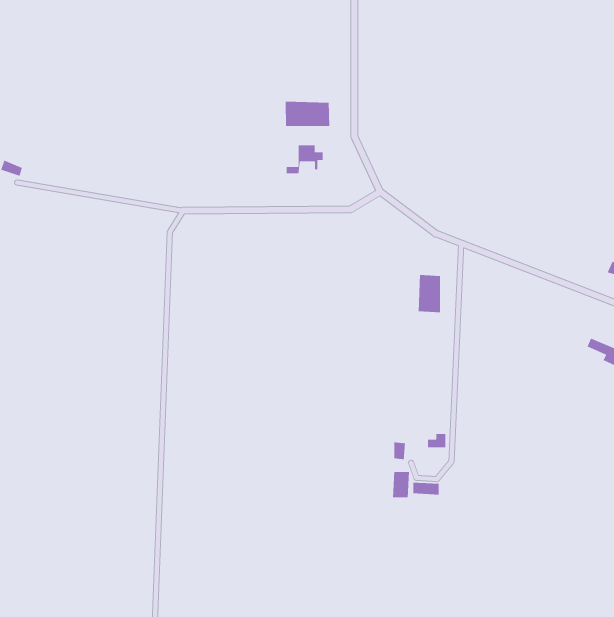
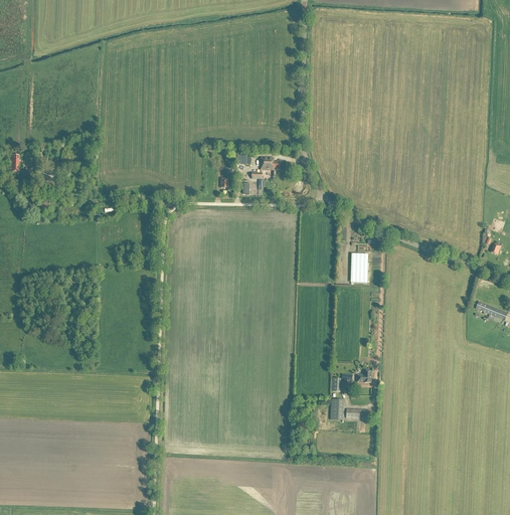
building: [285,101,330,127] -> none

